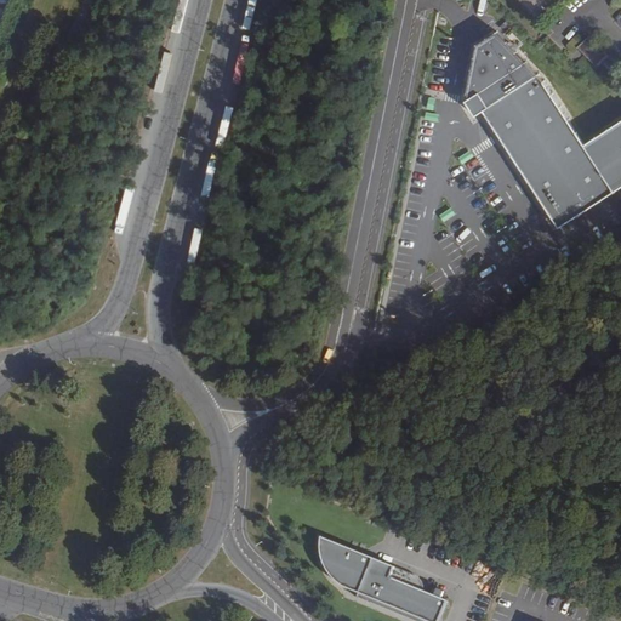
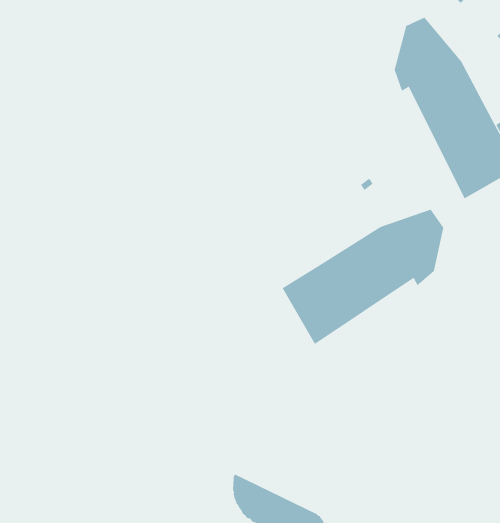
building: none -> [282,209,444,345]

